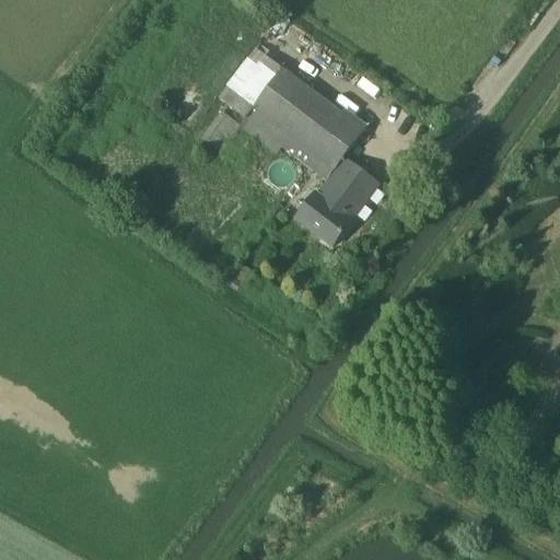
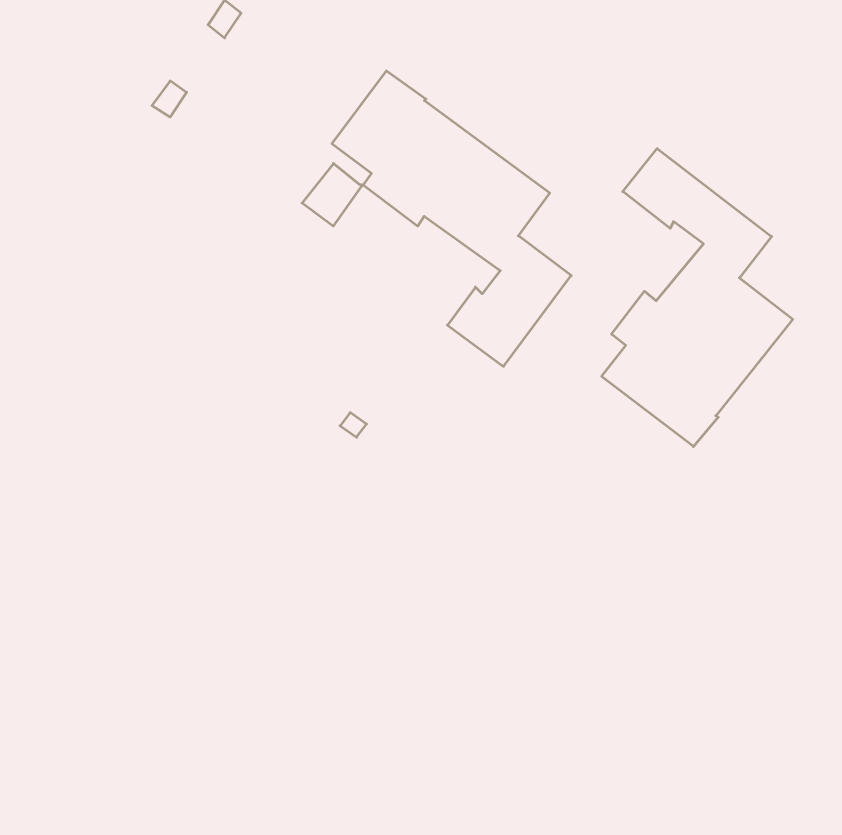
building: none -> [602,149,793,447]

